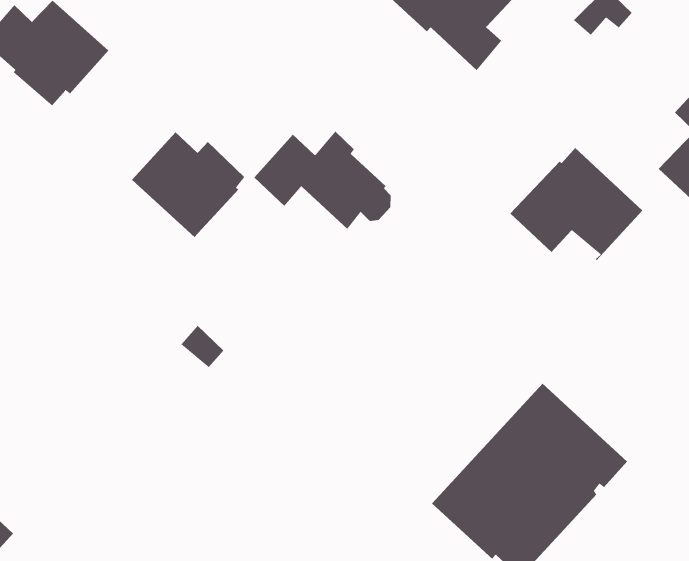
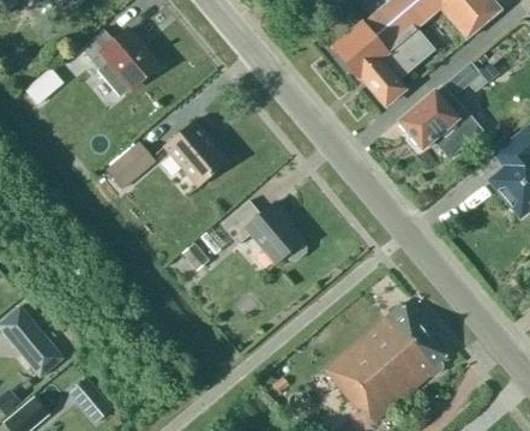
building: [254,131,392,230] -> [222,200,306,264]
building: [510,147,643,261] -> [398,85,481,157]
building: none -> [107,142,155,188]

